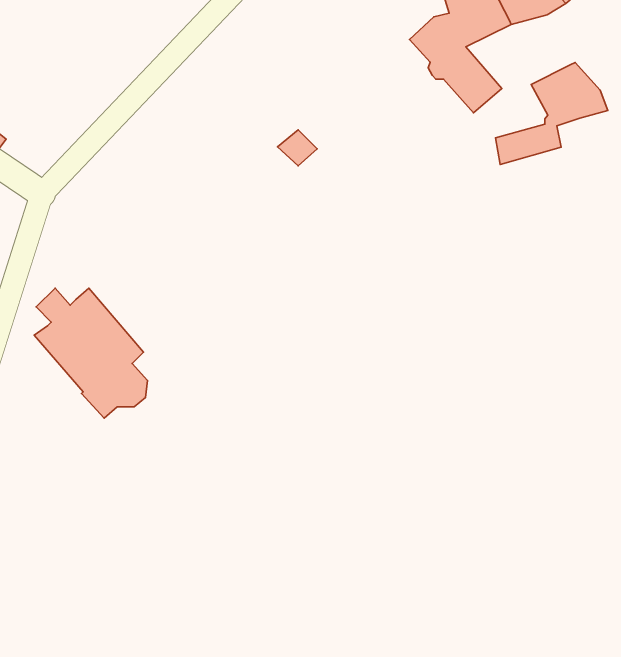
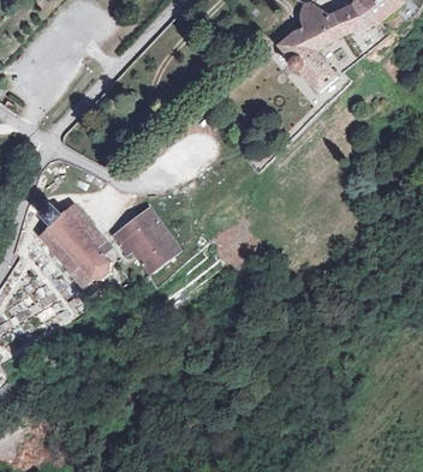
building: [496,62,608,164] -> none
building: none -> [113,207,180,271]

